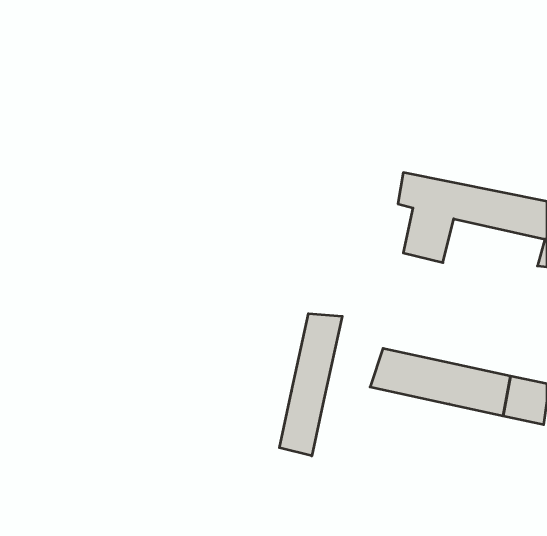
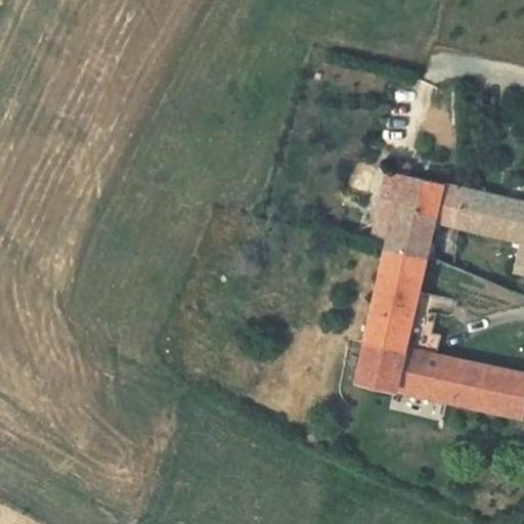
building: none -> [365,253,441,359]
building: [279,314,342,456] -> none

